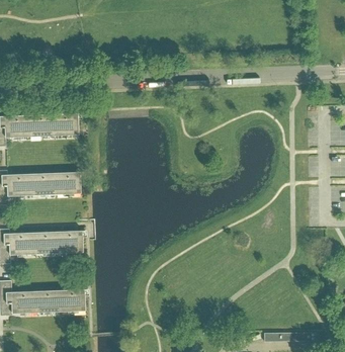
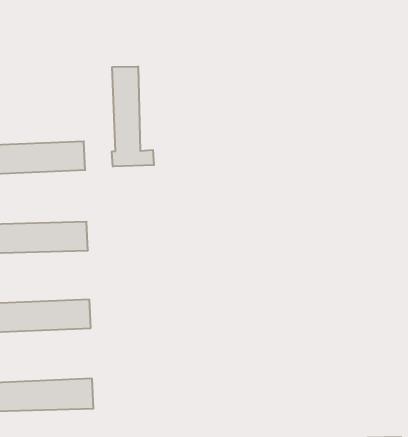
building: none -> [112,66,154,167]

